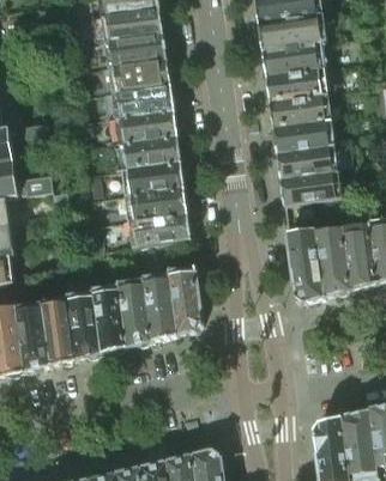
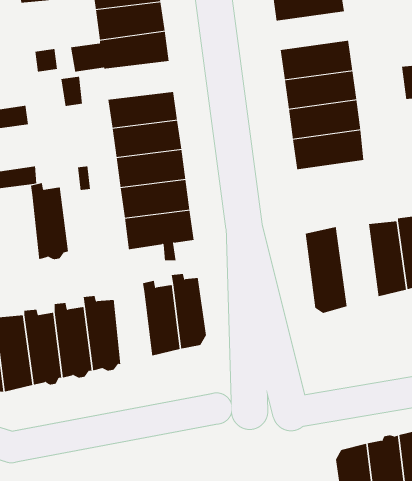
building: [261,41,325,74] -> none
building: [111,84,173,117] -> none
building: [279,170,342,203] -> none
building: [314,225,350,297] -> none
building: [120,280,153,347] -> [30,183,69,260]

